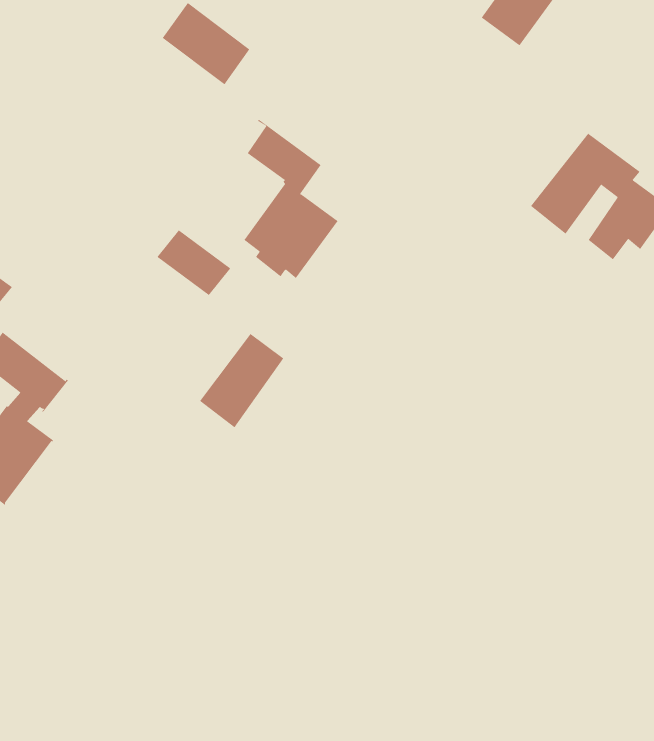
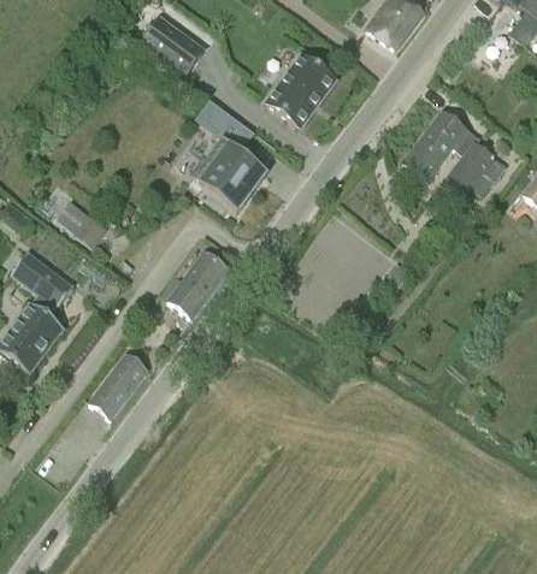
building: none -> [266,54,335,126]
building: [157,230,231,296] -> [58,197,111,244]
building: none -> [89,353,148,419]

